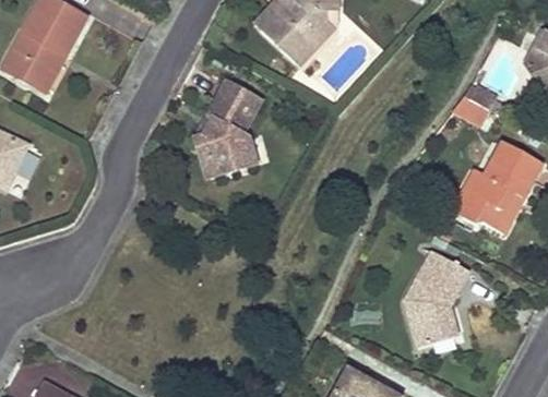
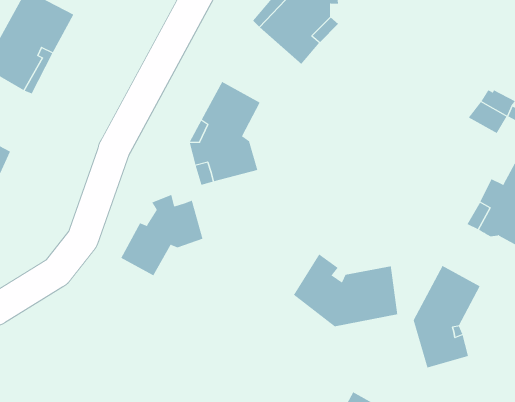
building: none -> [120,194,203,276]
building: none -> [293,253,398,327]

